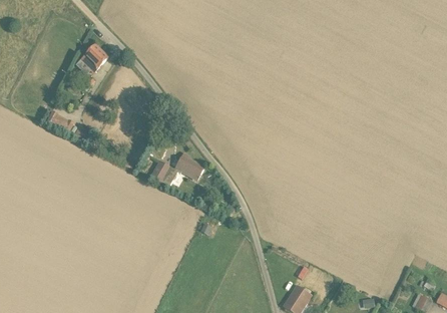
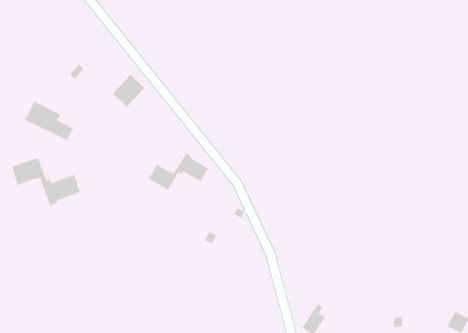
building: [78,44,107,73] -> [112,74,145,107]
building: none -> [11,157,81,206]

